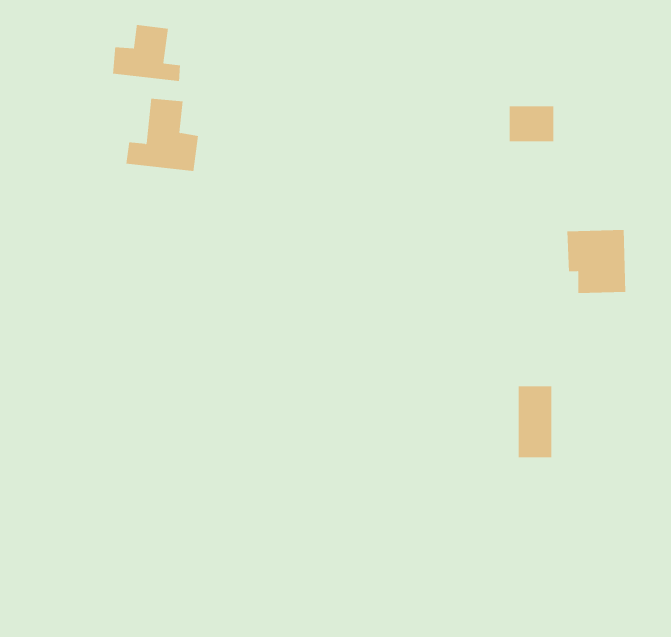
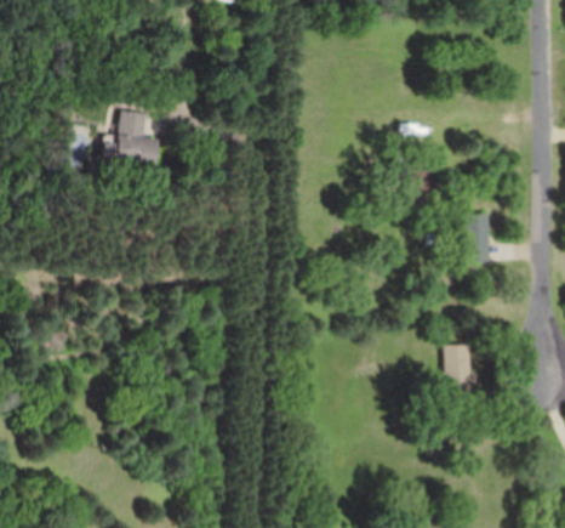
building: [112,24,181,82] -> none
building: [518,386,552,458] -> [445,344,472,399]

